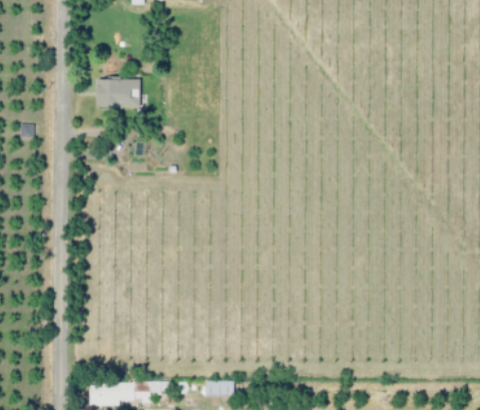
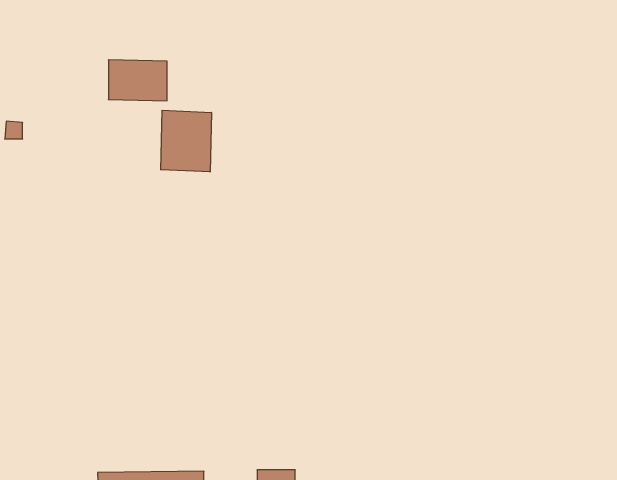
building: none -> [161,110,211,172]

